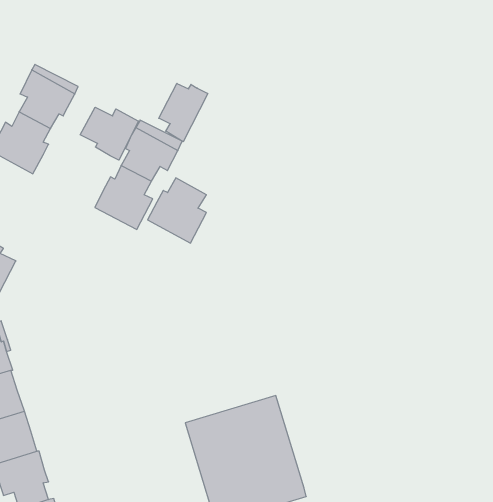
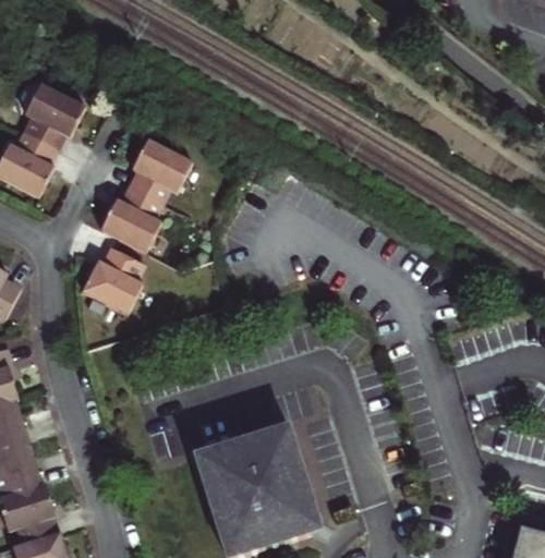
building: [159,83,208,142] -> none
building: [80,107,139,160] -> none
building: [148,178,206,243] -> [83,247,144,315]

